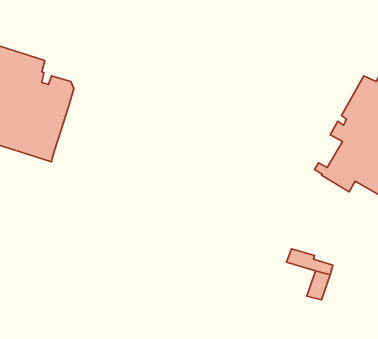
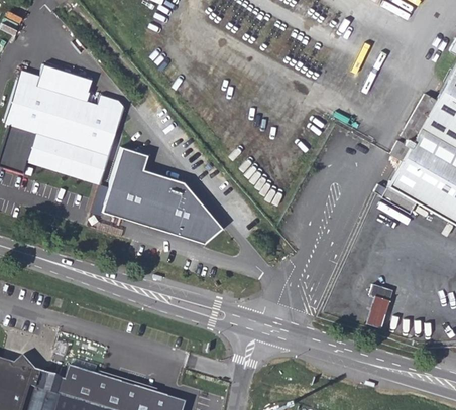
building: none -> [106,147,222,243]

